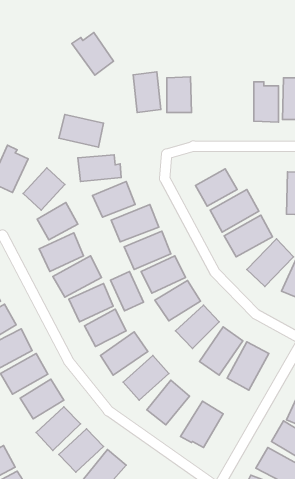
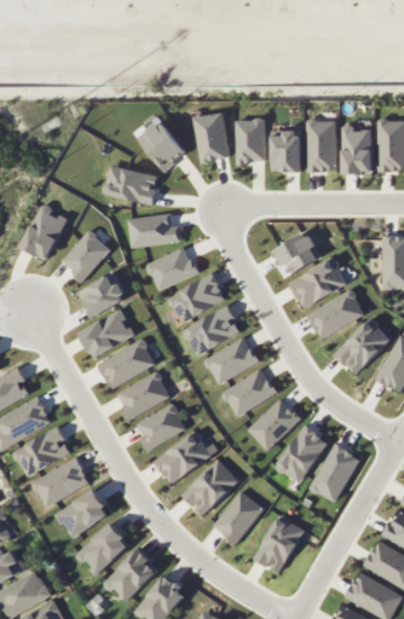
building: [72,33,114,75] -> [134,118,185,170]
building: none -> [306,120,336,172]
building: none -> [271,132,301,172]
building: [110,272,144,311] -> none

